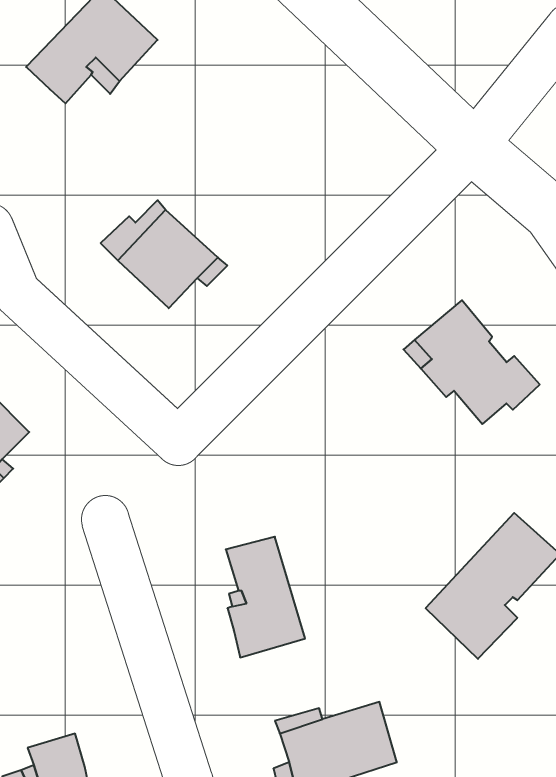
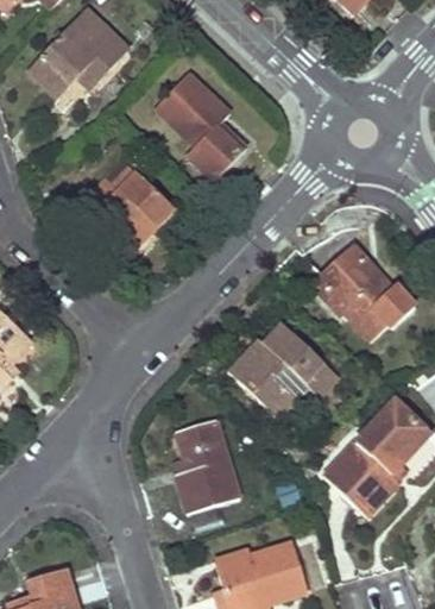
building: none -> [156,74,247,181]
building: none -> [229,324,339,419]

